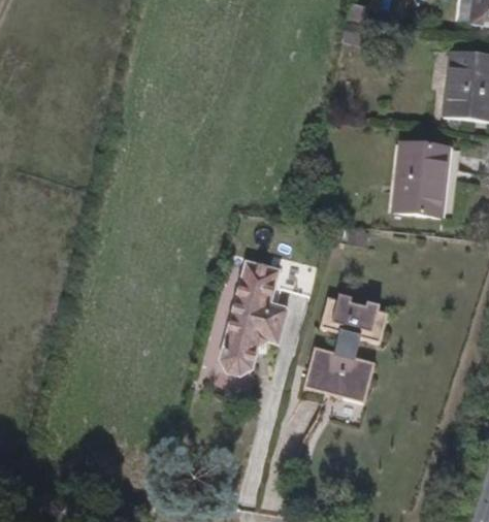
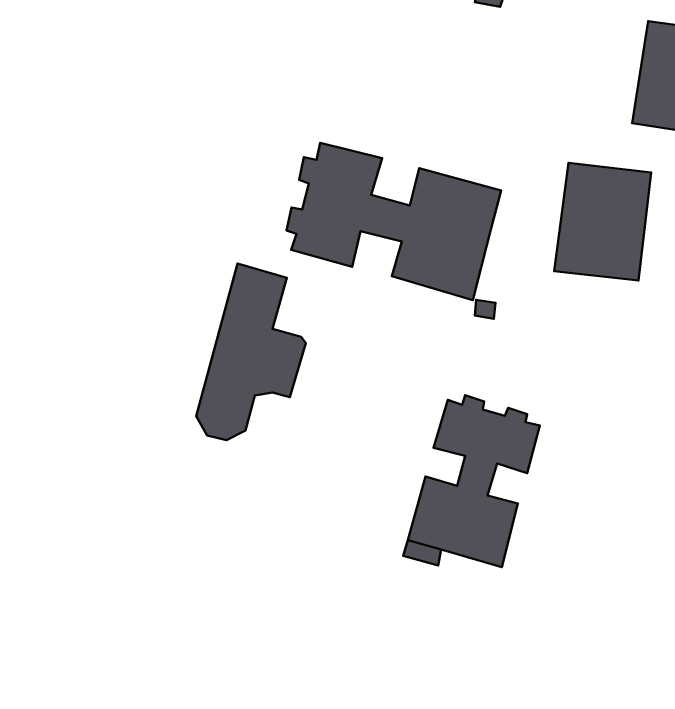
building: none -> [287,143,501,300]
building: [217,260,288,374] -> [196,263,306,440]

